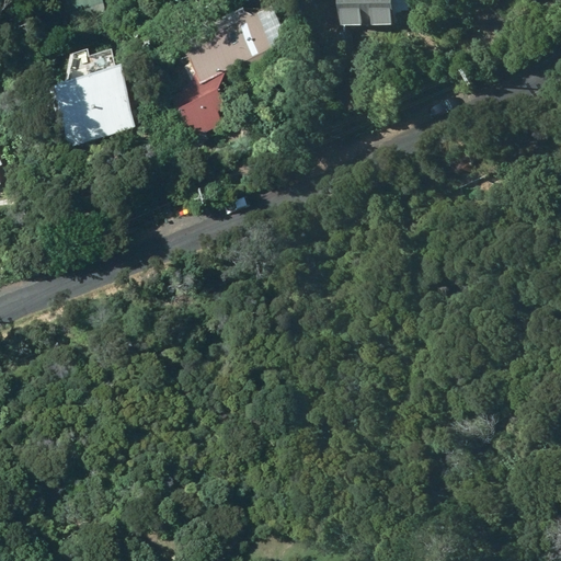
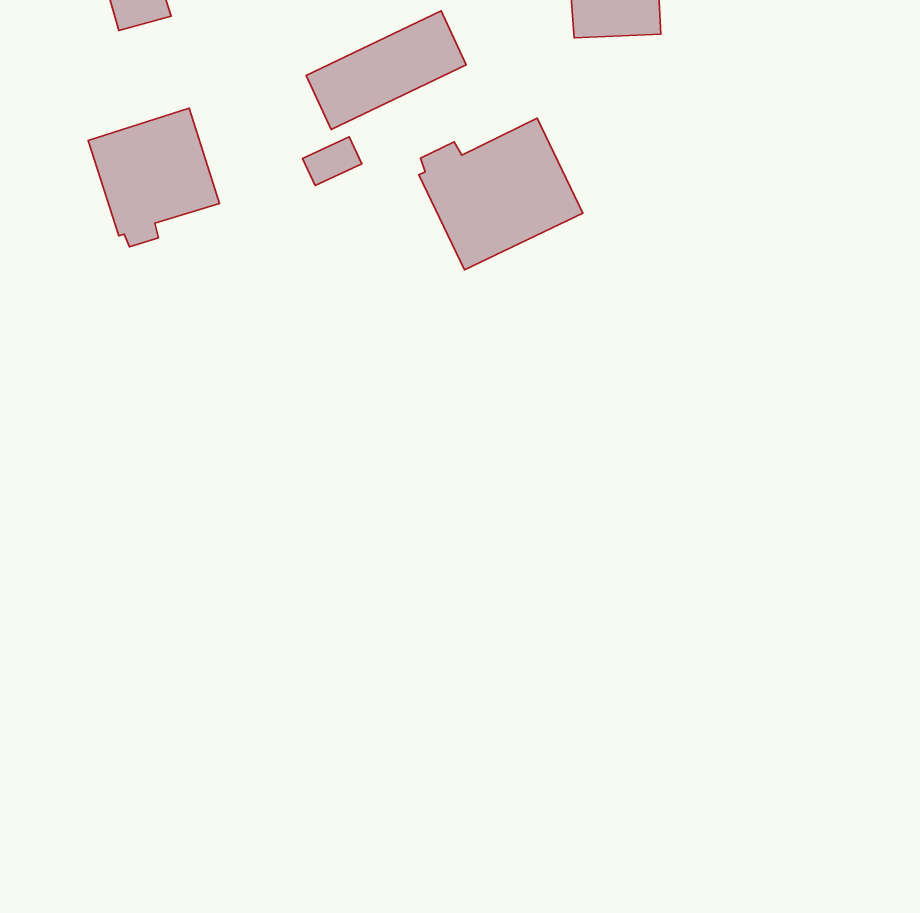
building: none -> [419,118,583,270]

